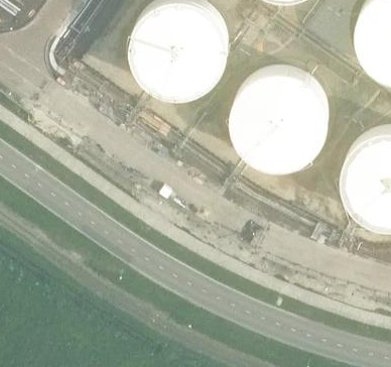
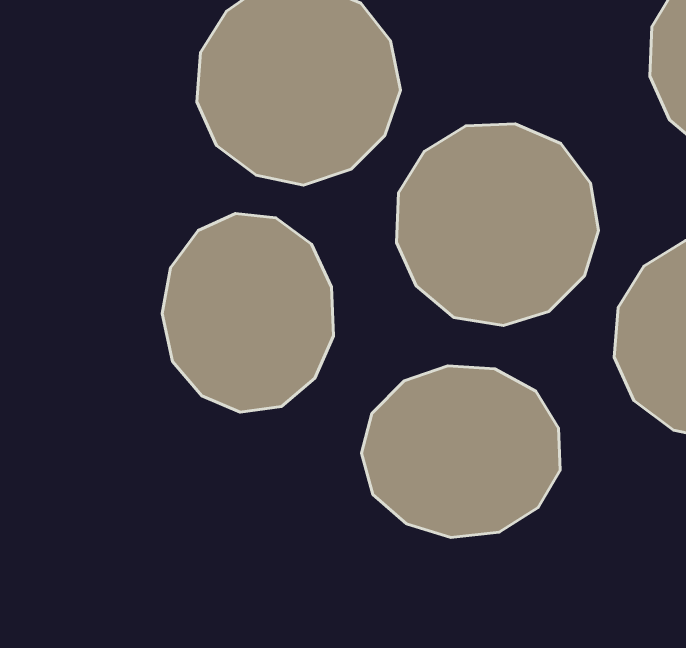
building: none -> [162,214,333,412]
building: none -> [361,366,560,537]

